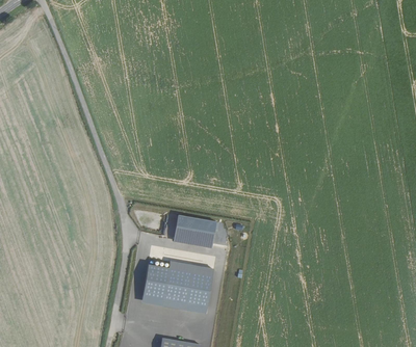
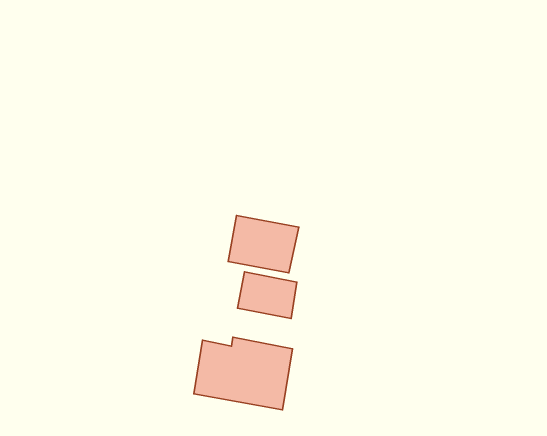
building: none -> [228,215,299,273]

